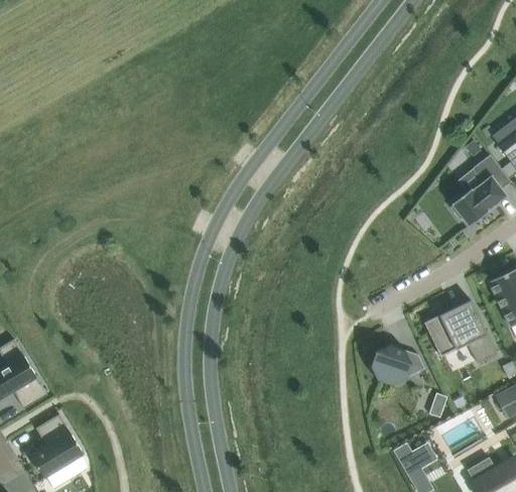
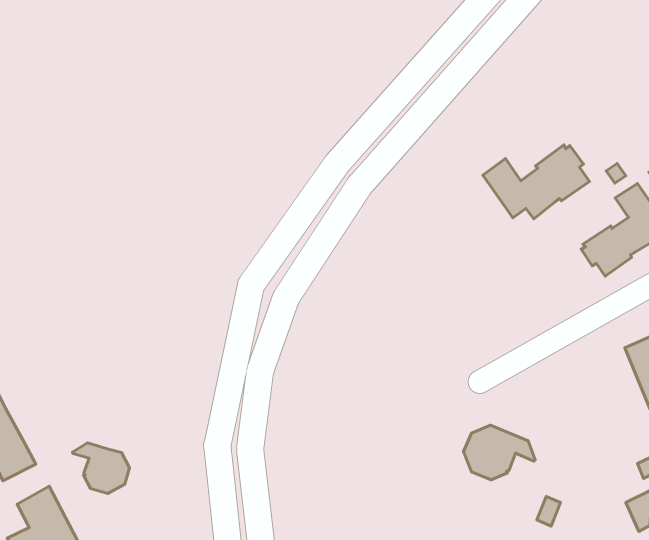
building: none -> [483,145,590,219]
building: [424,300,498,364] -> none
building: none -> [72,443,130,494]

